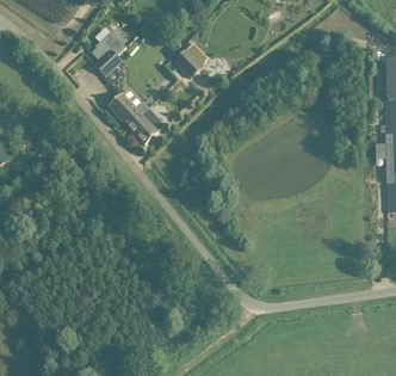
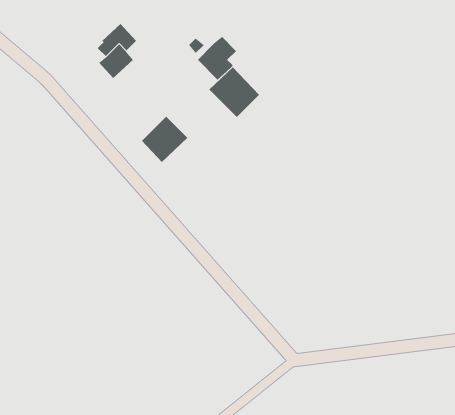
building: none -> [209,67,260,118]
building: [110,92,149,127] -> none

